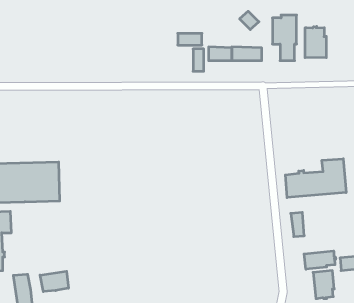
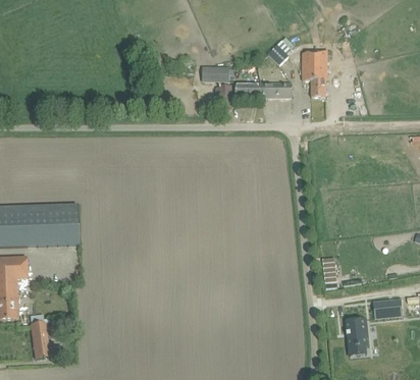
building: [305,26,326,58] -> none
building: [285,159,346,198] -> none
building: [304,251,336,269] -> none
building: [40,271,68,292] -> none

